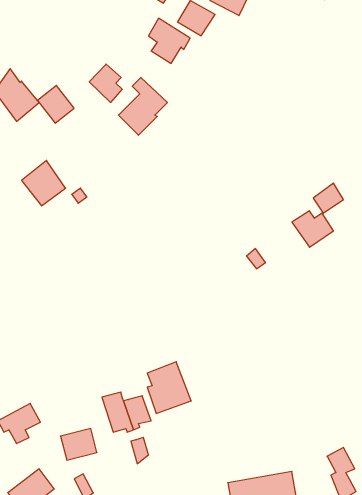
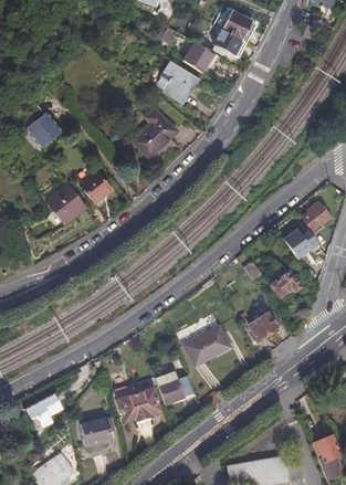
building: [89,64,122,102] -> none
building: [38,85,74,123] -> [78,170,111,203]
building: none -> [266,267,301,295]
building: none -> [251,310,285,340]
building: none -> [184,326,231,366]

